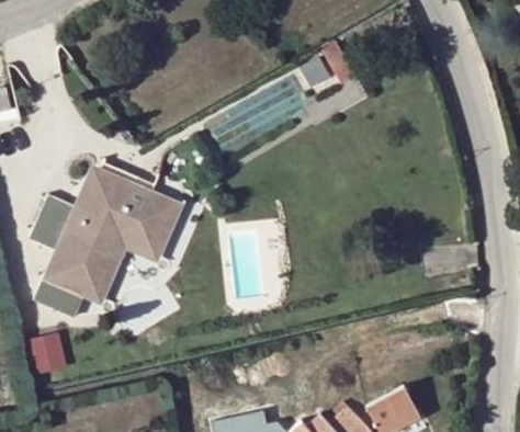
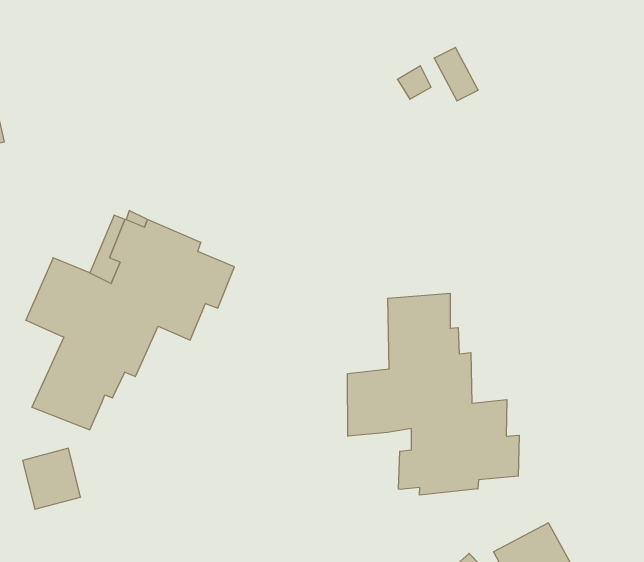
building: [82,201,183,306] -> none
building: none -> [348,293,519,495]

